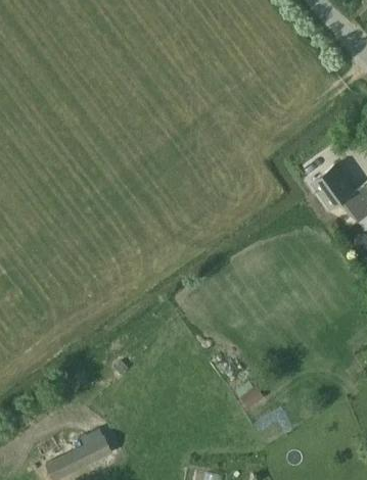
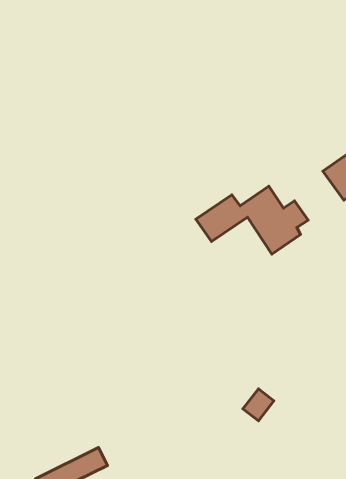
building: none -> [196,186,308,254]

